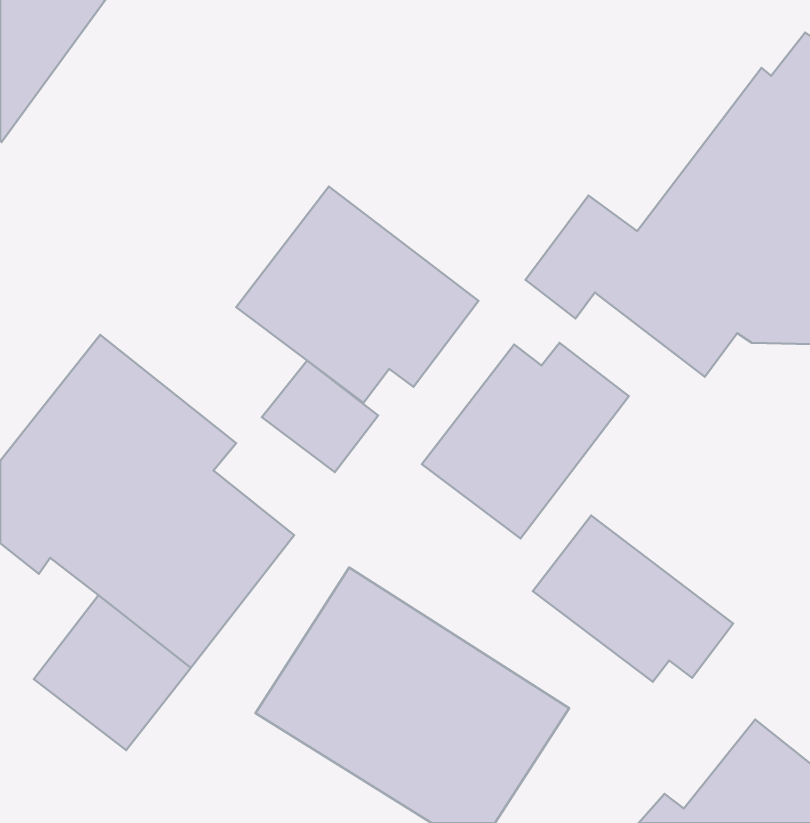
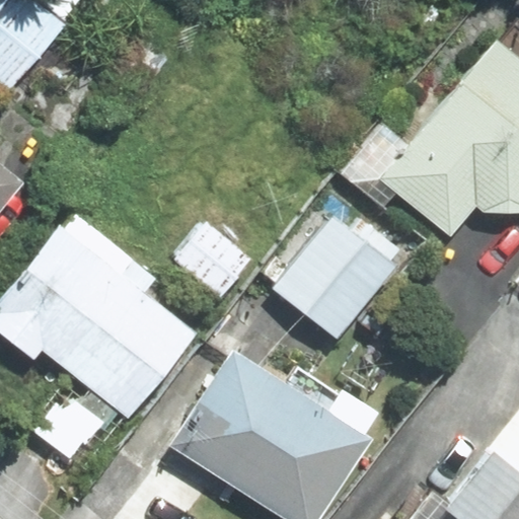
building: [236,187,479,403] -> none
building: [533,515,733,682] -> none

